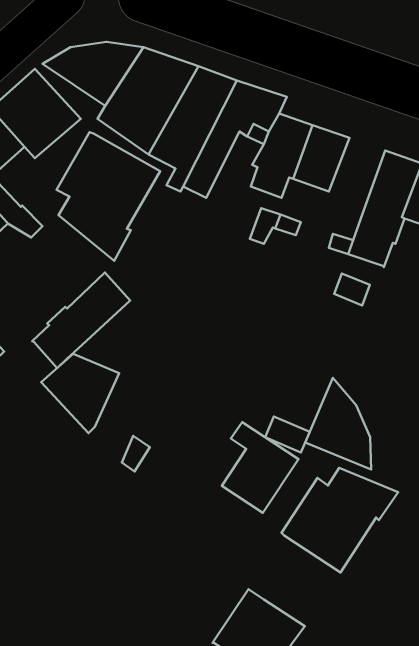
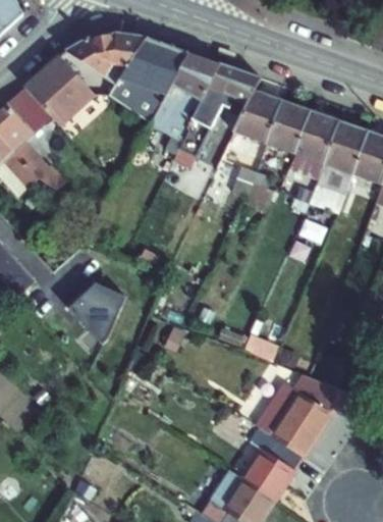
building: [56,132,160,261] -> none
building: none -> [292,110,338,174]
building: [32,272,130,368] -> none
building: [305,378,371,470] -> none
building: [222,422,298,513] -> [241,427,303,500]

